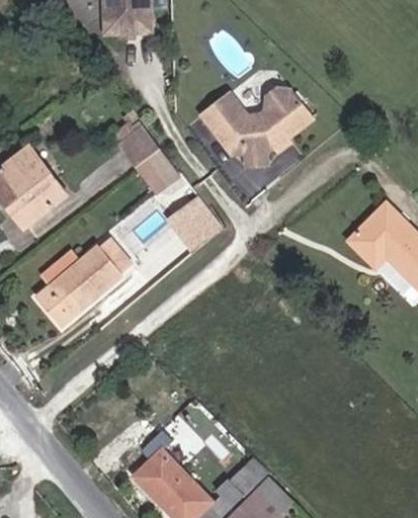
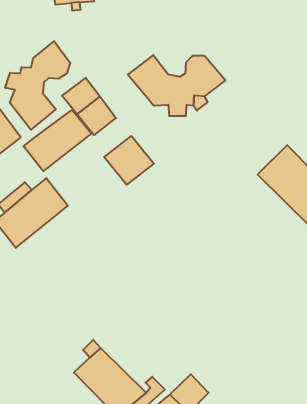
building: none -> [5,41,70,130]
building: none -> [23,110,91,171]
building: [224,456,264,497] -> none

